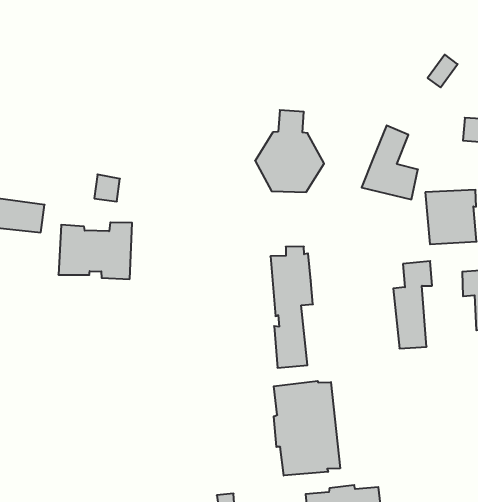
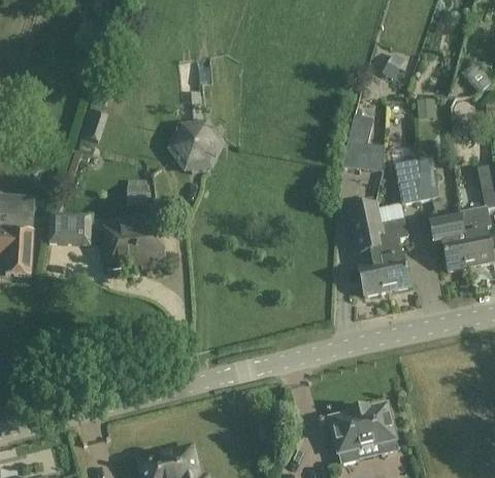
building: [255,110,324,192] -> [168,102,224,169]
building: [270,247,313,368] -> [348,196,389,296]
building: [274,381,340,476] -> none

